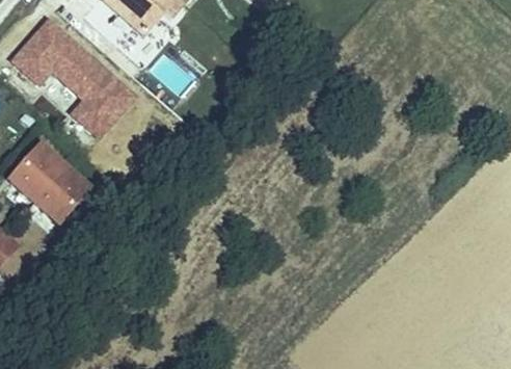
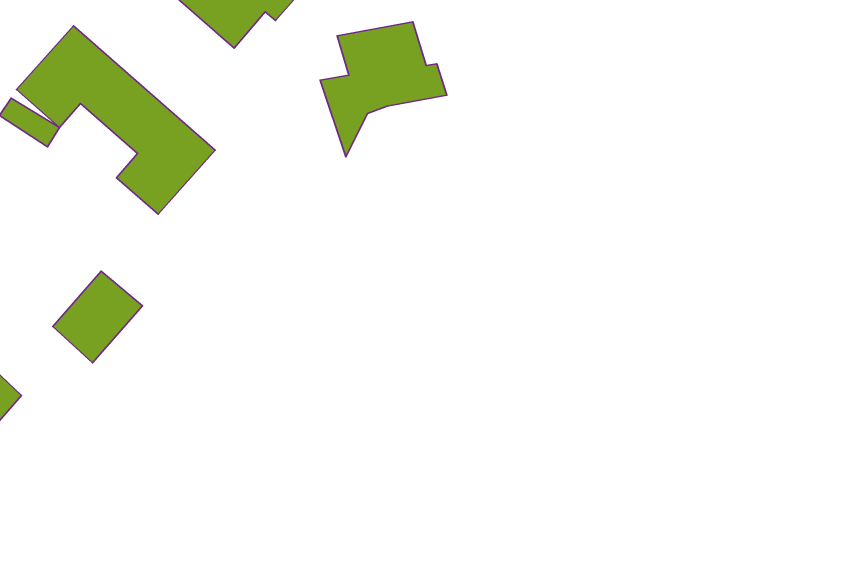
building: none -> [320,22,447,157]
building: [10,146,64,201] -> none

